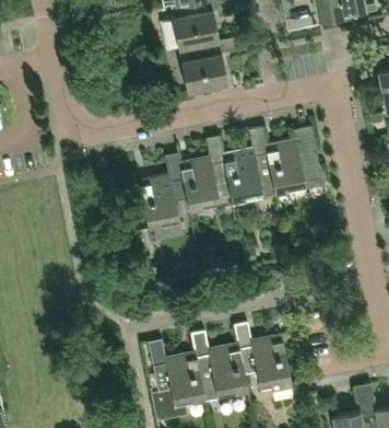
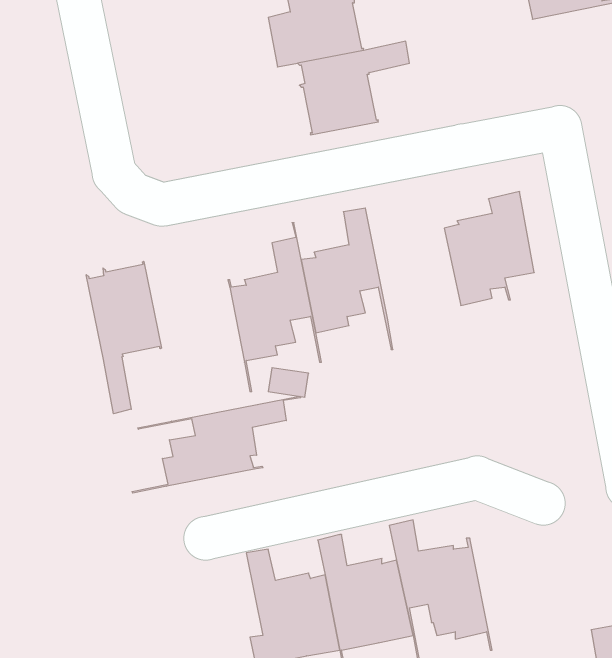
building: [224,127,280,211] -> none
building: none -> [86,261,162,414]
building: none -> [132,396,301,493]

